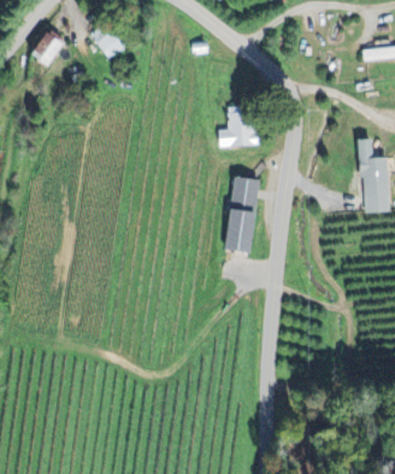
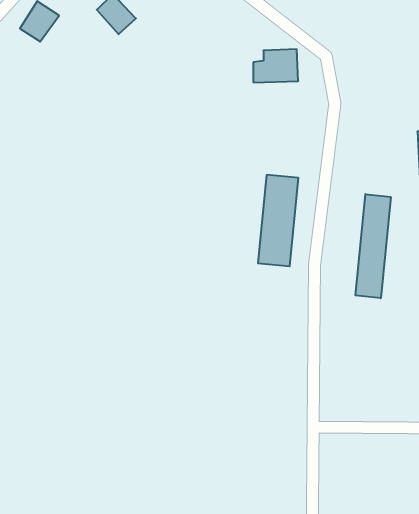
building: [220,118,258,146] -> [253,49,298,82]
building: none -> [355,194,391,298]

